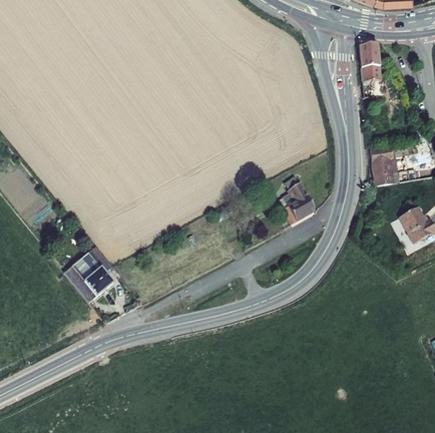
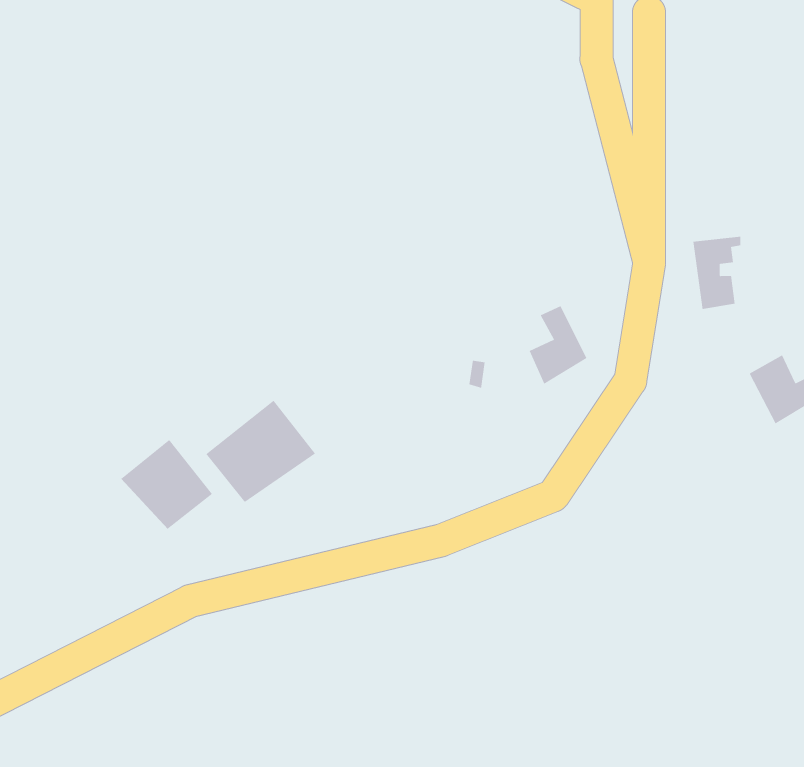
building: [359,44,381,85] -> none
building: none -> [206,400,316,503]

